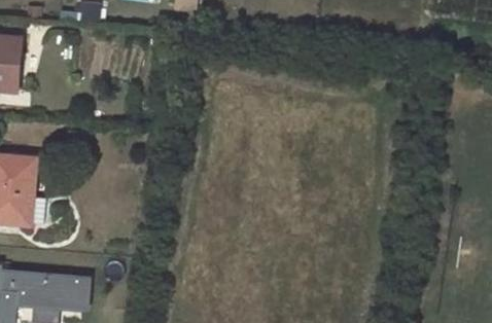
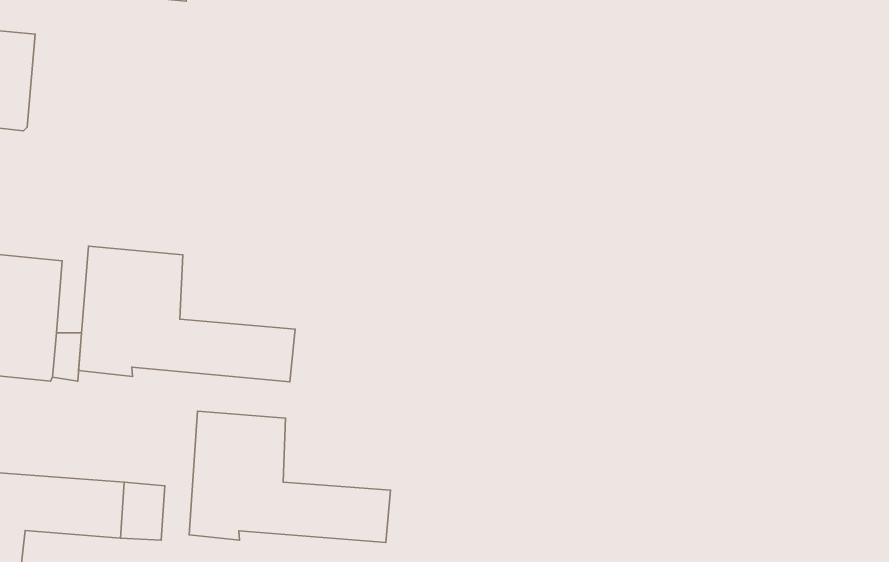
building: none -> [79,246,295,382]
building: none -> [189,411,391,543]

